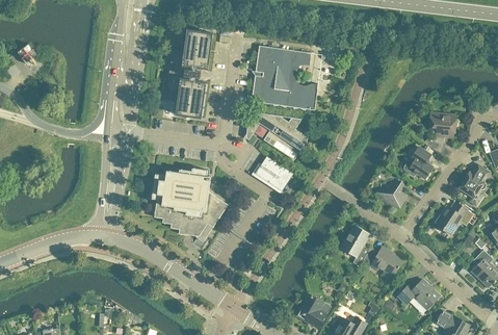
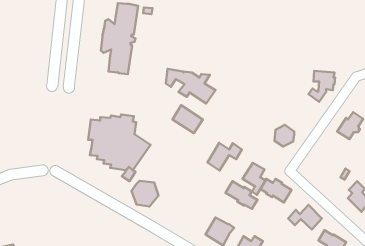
building: [251,46,317,110] -> none
building: [403,147,431,178] -> none
building: [434,201,475,235] -> none
building: none -> [208,143,242,170]
building: none -> [131,181,158,206]
building: none -> [226,181,257,209]

